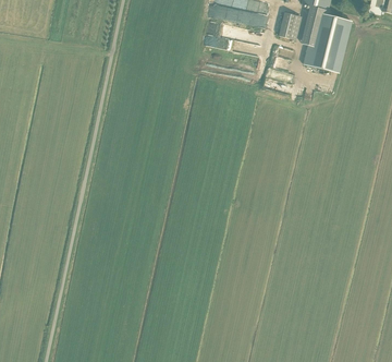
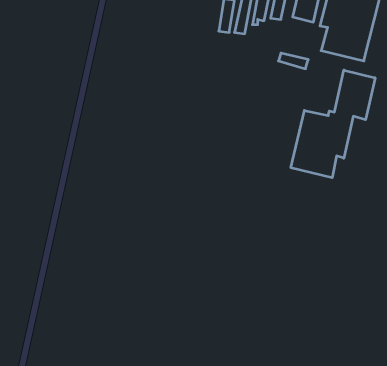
building: none -> [291,70,375,178]

